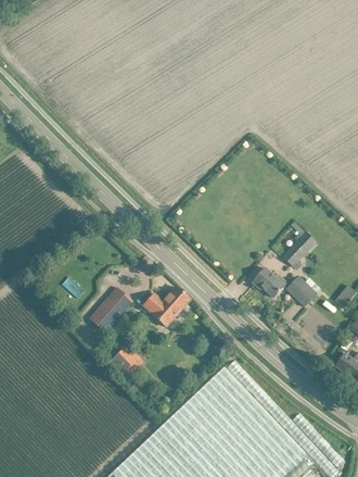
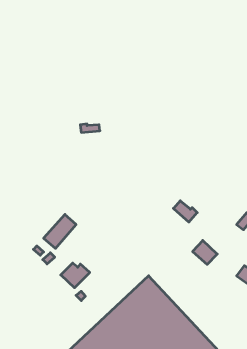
building: [282,233,316,269] -> none
building: [285,276,317,306] -> [193,240,217,264]
building: [146,287,189,327] -> none

